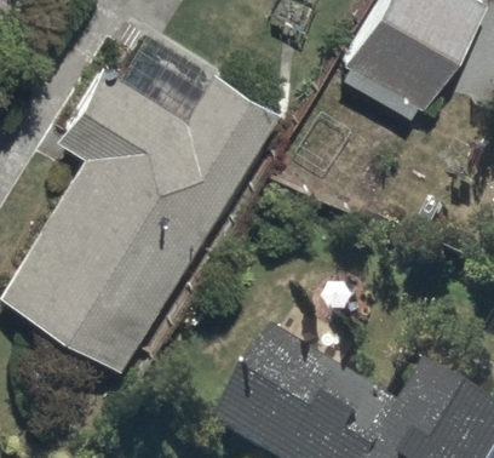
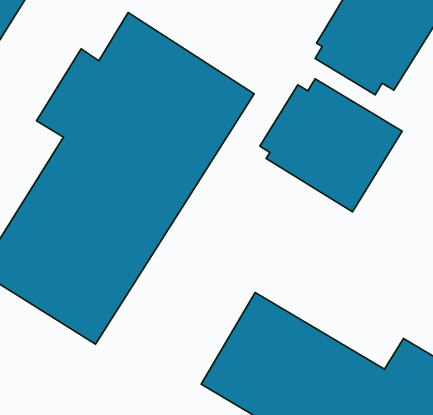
building: none -> [260,79,402,212]

